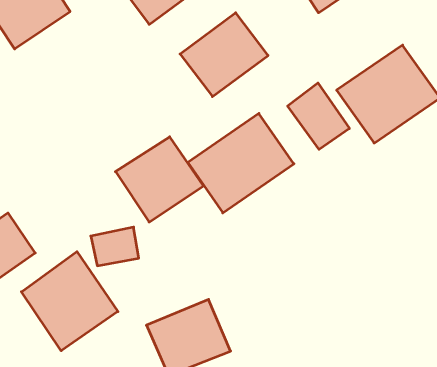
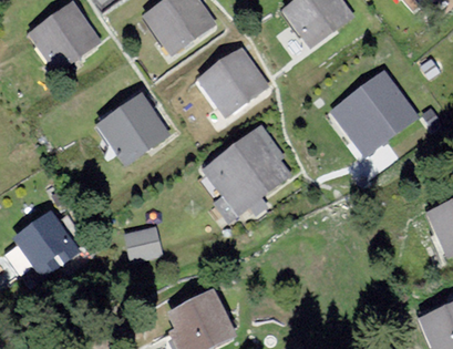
building: [288,83,349,149] -> none
building: [115,137,203,222] -> [96,93,172,166]
building: [21,252,118,351] -> none

